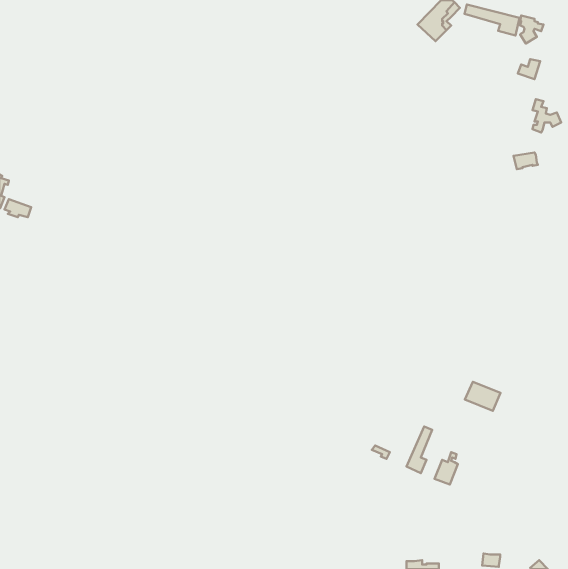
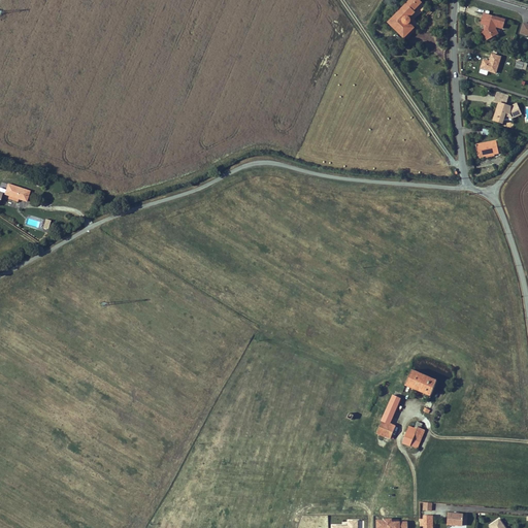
building: [464,5,519,35] -> none
building: [465,382,501,411] -> [403,370,436,397]

